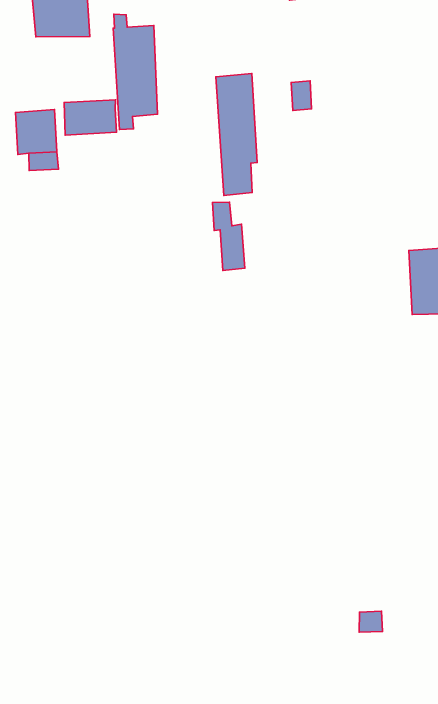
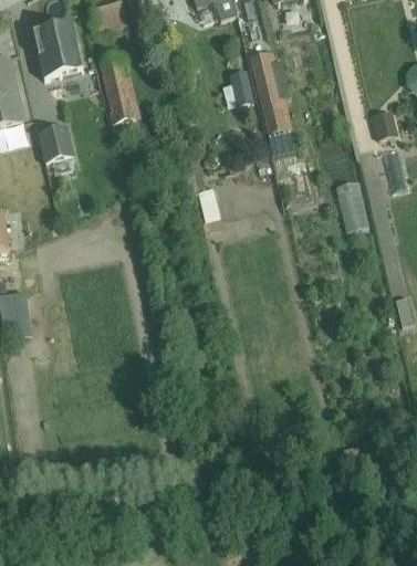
building: [216,73,257,196] -> [252,62,292,153]
building: [64,100,117,135] -> none

